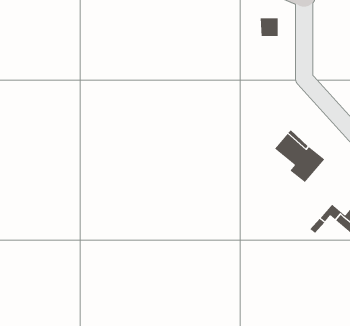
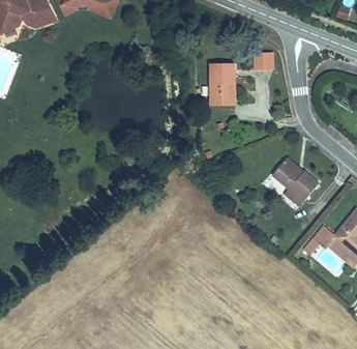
building: none -> [211,66,235,106]

